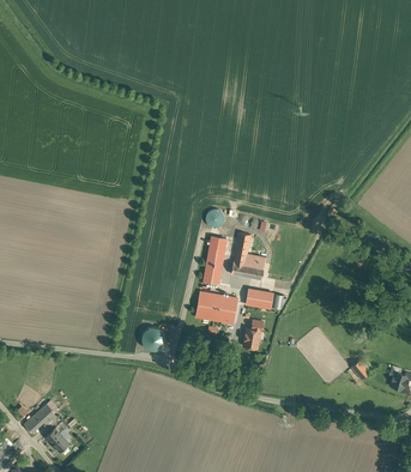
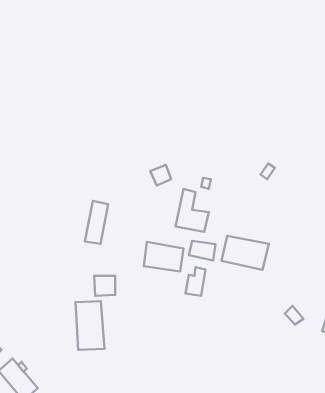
building: [203,237,228,284] -> [85,201,108,244]
building: none -> [221,236,269,270]
building: none -> [75,301,105,350]

